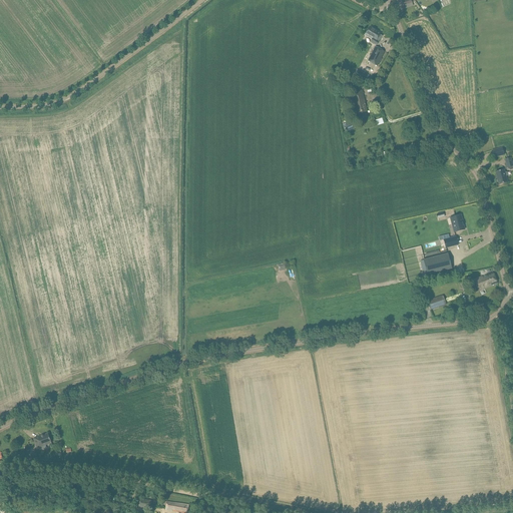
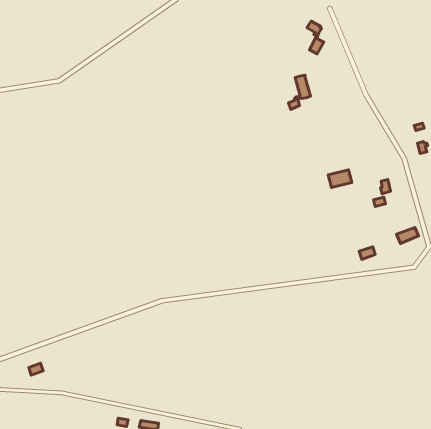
building: [424,251,452,273] -> [328,170,352,188]

